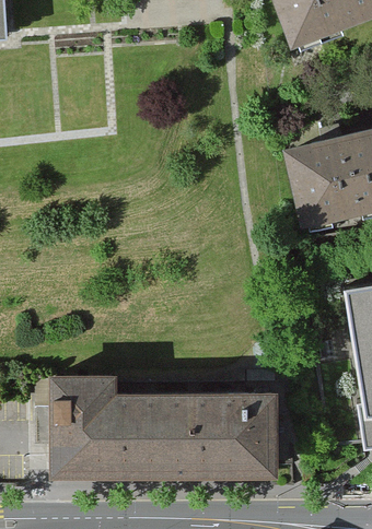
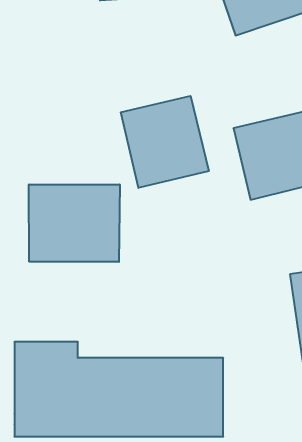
building: none -> [121,96,209,188]
building: none -> [29,184,120,262]

